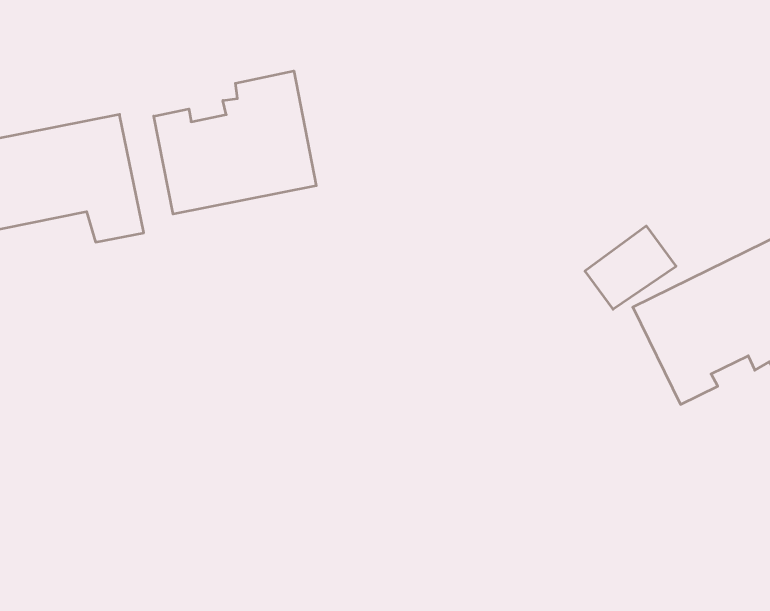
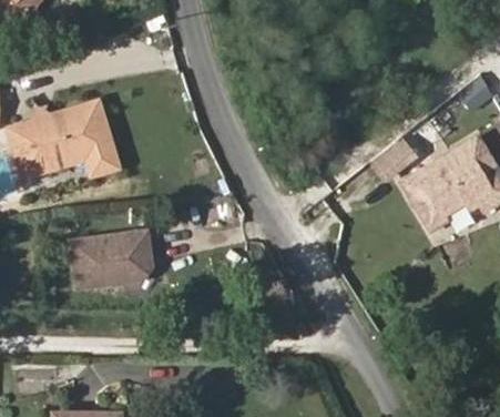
building: [154,71,316,214] -> none
building: none -> [72,232,151,286]

